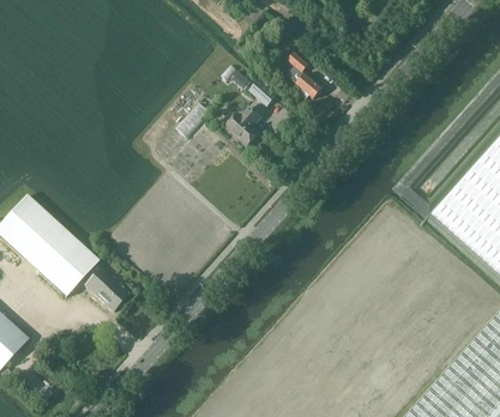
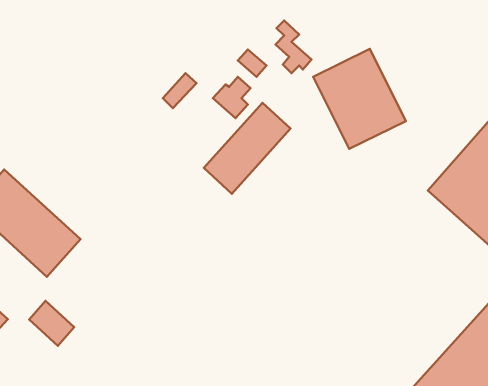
building: none -> [313,49,406,149]
building: none -> [204,103,290,194]
building: [85,267,128,310] -> [29,301,74,346]

